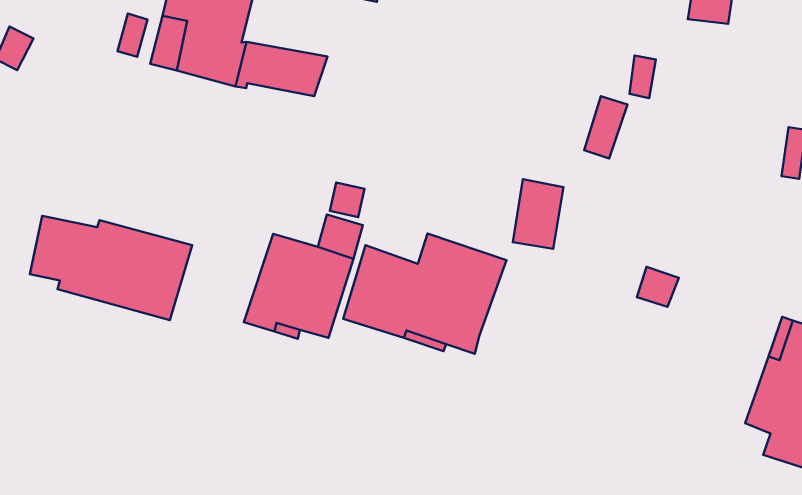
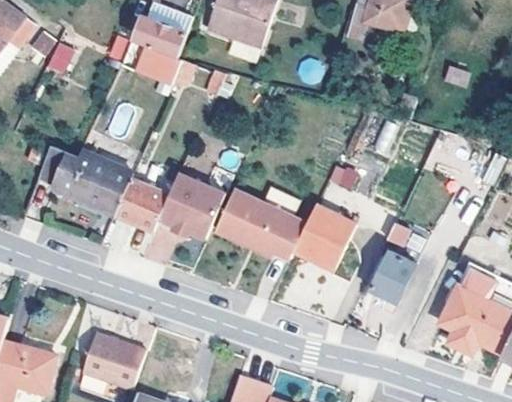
building: none -> [115,178,167,232]
building: none -> [292,204,356,270]
building: none -> [371,252,418,308]

